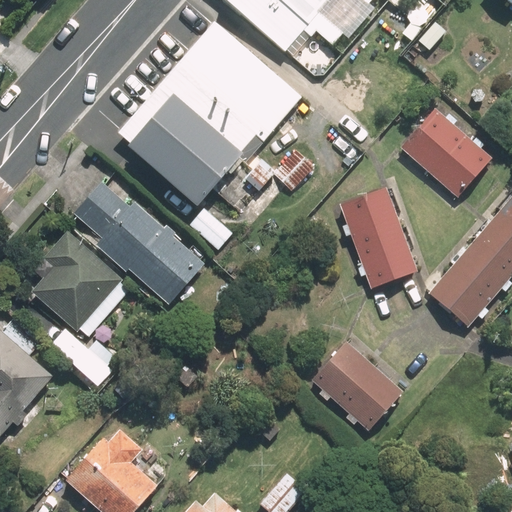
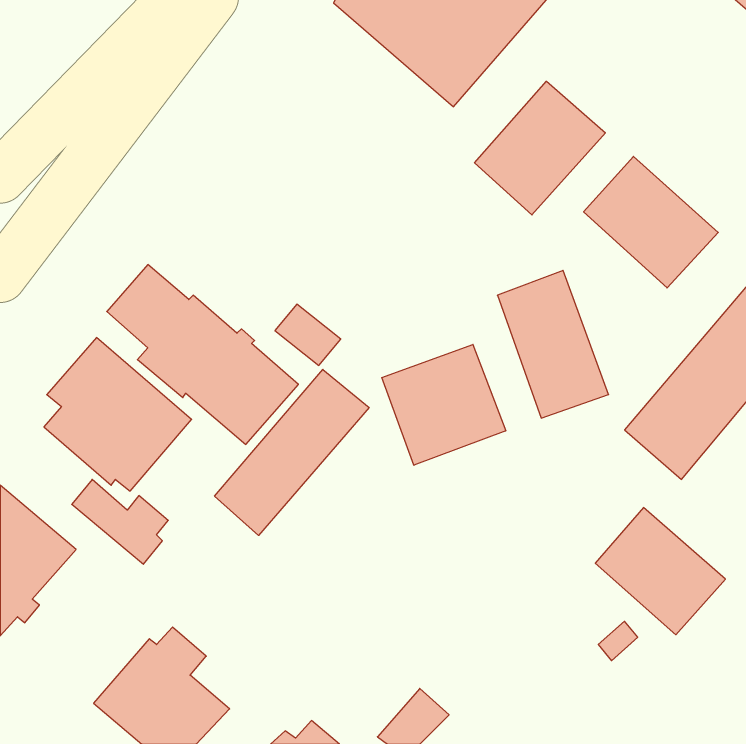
building: [115,18,303,207] -> none
building: none -> [475,81,605,215]
building: none -> [382,344,506,465]
building: none -> [215,369,369,535]
building: [313,342,402,429] -> [595,508,725,635]

